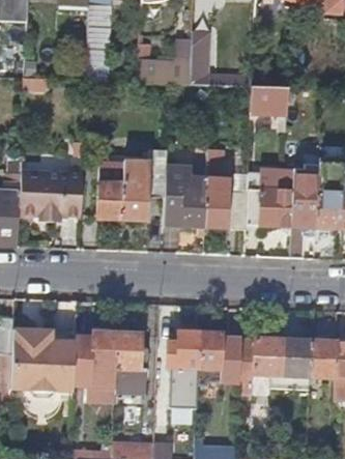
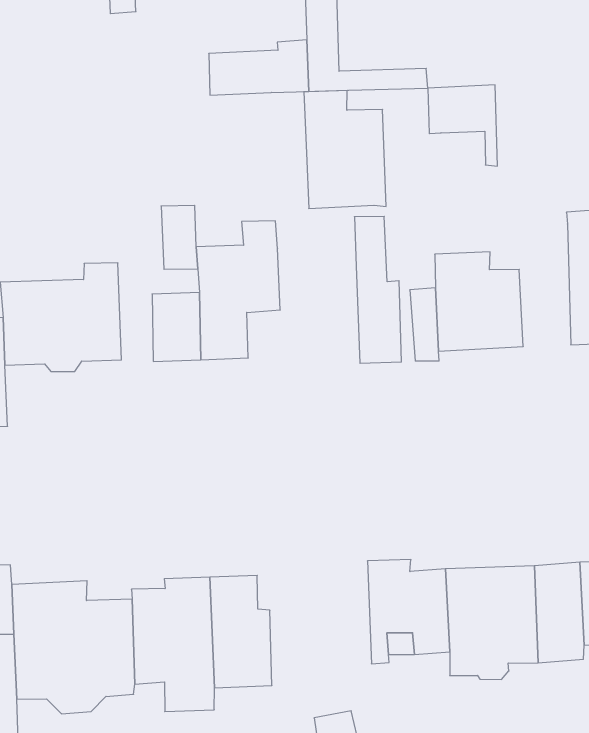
building: [290,163,318,258] -> none
building: [164,165,206,228] -> [304,90,386,208]
building: [170,332,200,385] -> none

